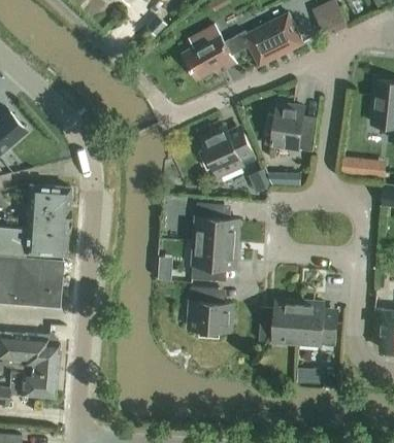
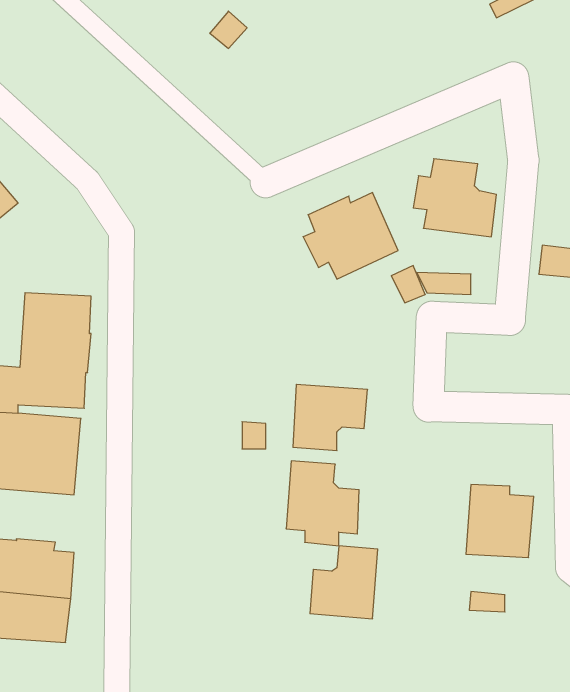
building: [183,15,301,80] -> none
building: [194,203,238,244] -> none
building: [259,300,300,344] -> [310,546,378,619]

